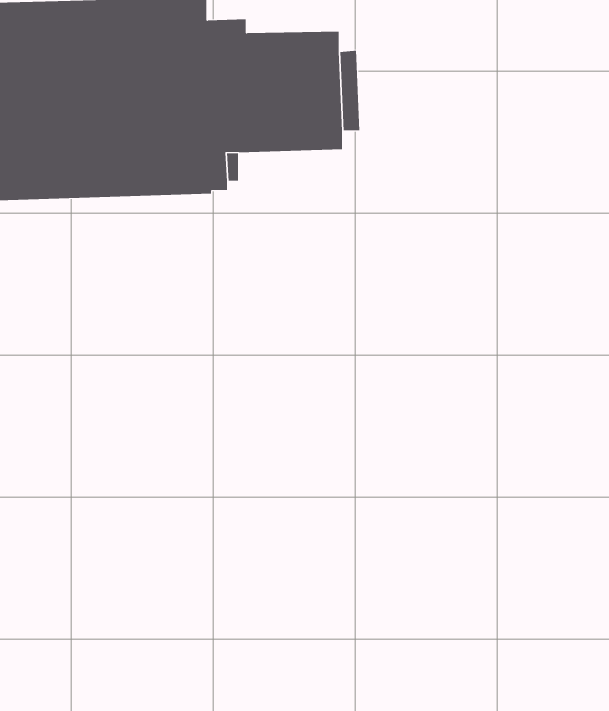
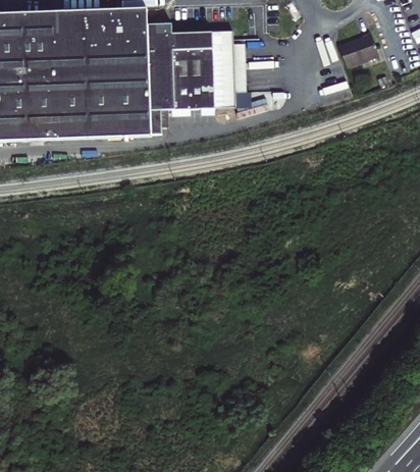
building: none -> [338,32,379,66]

